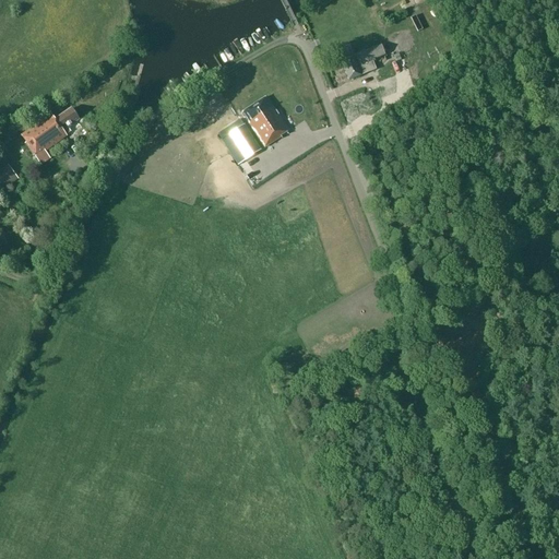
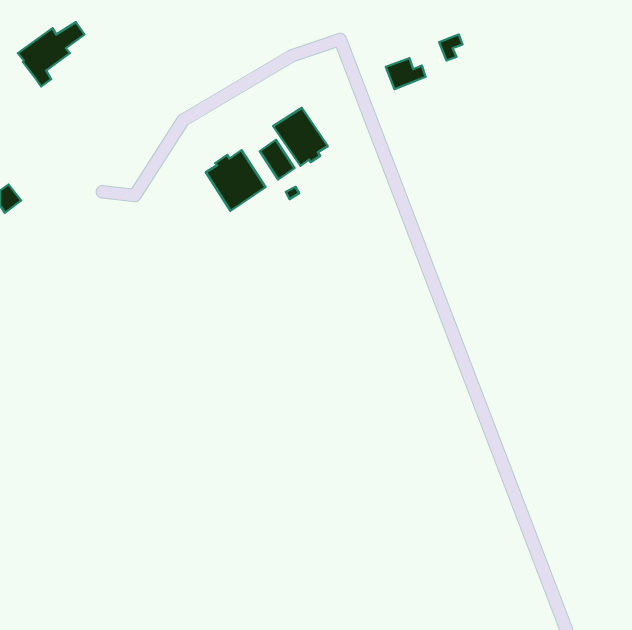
building: [21,107,80,164] -> [18,22,85,86]
building: none -> [206,150,266,211]

